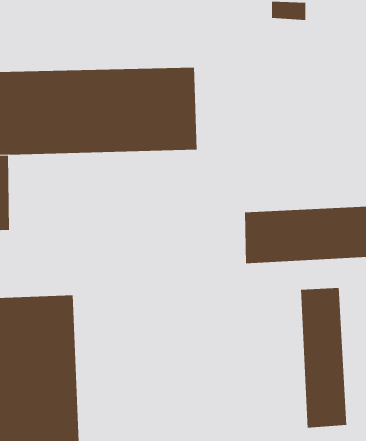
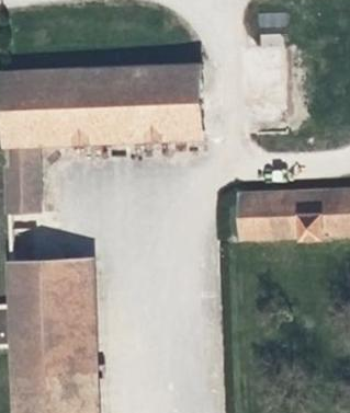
building: [300,287,347,429] -> none

